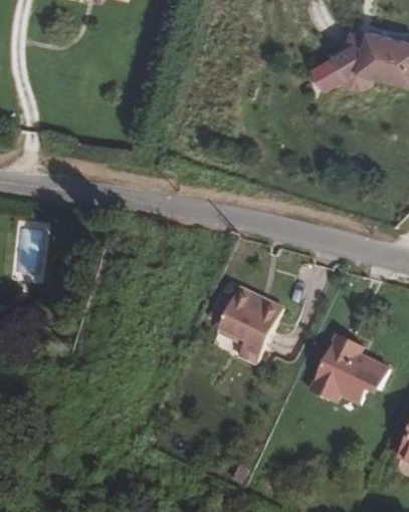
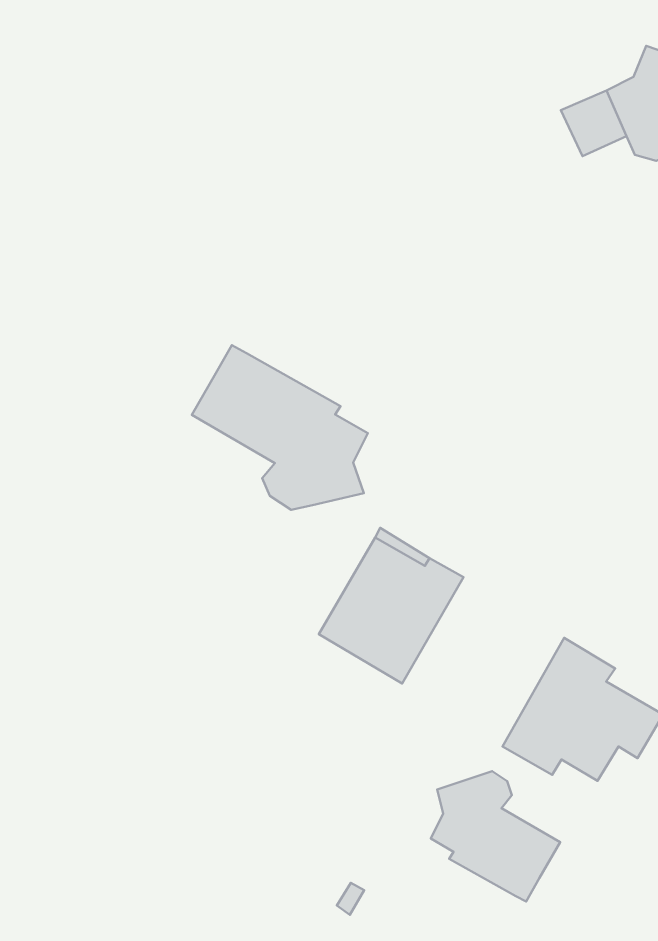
building: none -> [192,345,368,510]
building: none -> [431,771,560,902]

